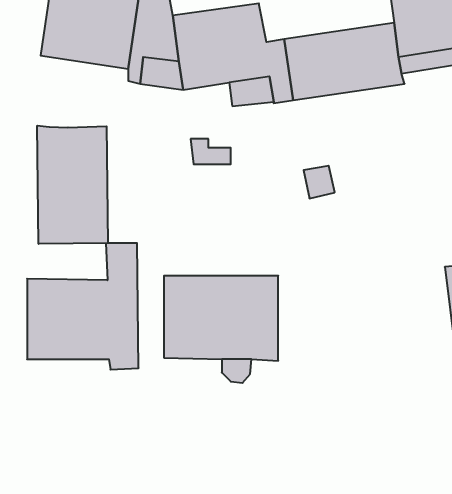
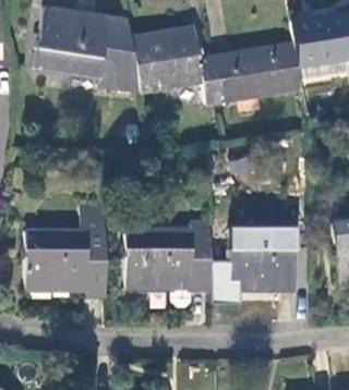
building: [37,126,108,244] -> none
building: none -> [230,229,296,290]

